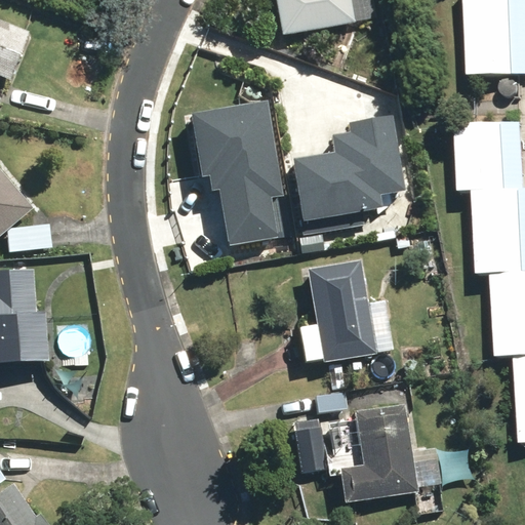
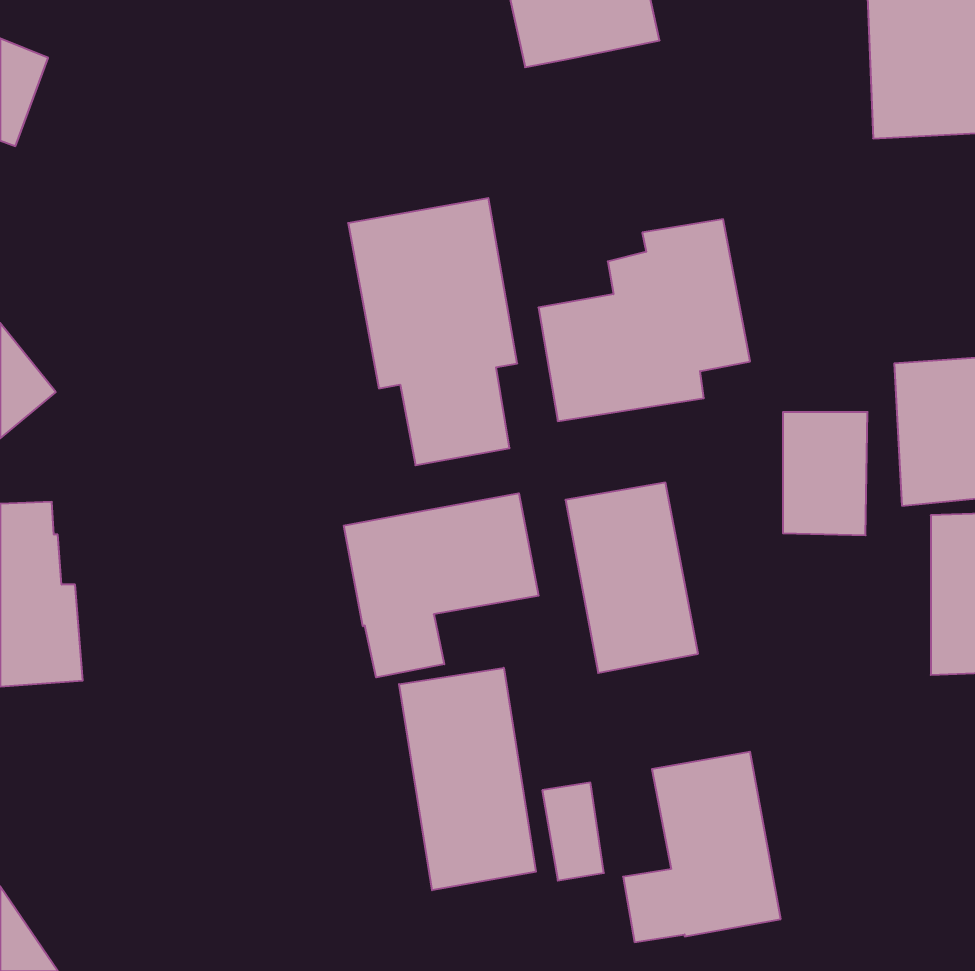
building: [468,119,513,185] -> [783,412,868,535]
building: none -> [344,493,539,677]
building: none -> [399,668,536,890]

